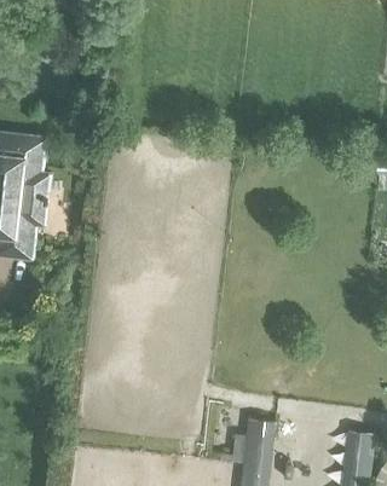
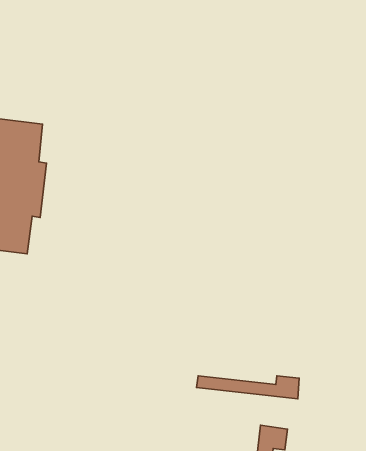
building: none -> [197,376,299,399]

